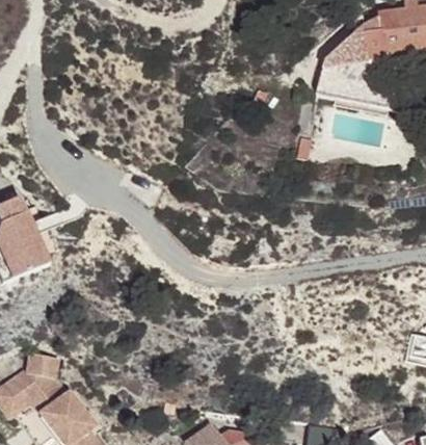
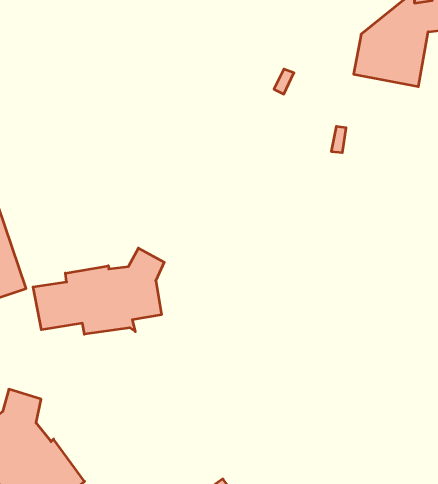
building: none -> [33,248,164,334]

